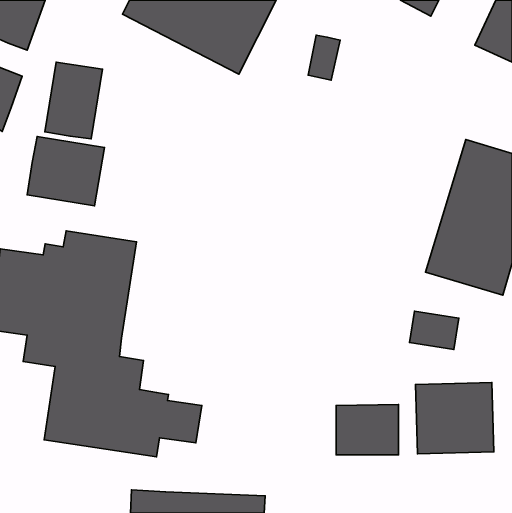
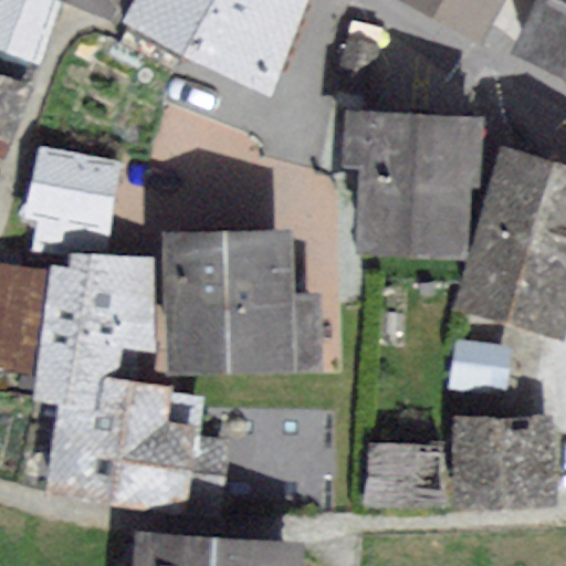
building: [45,62,103,139] -> none
building: none -> [356,117,461,242]
building: none -> [174,235,310,364]

